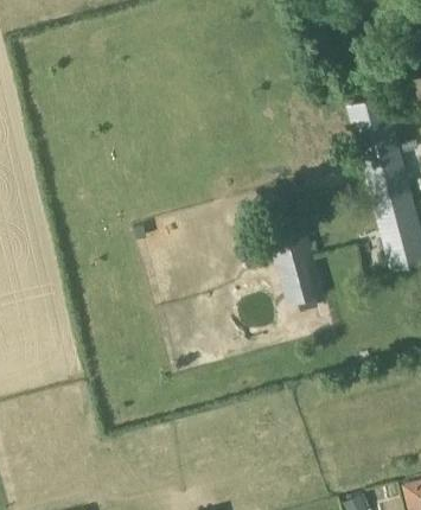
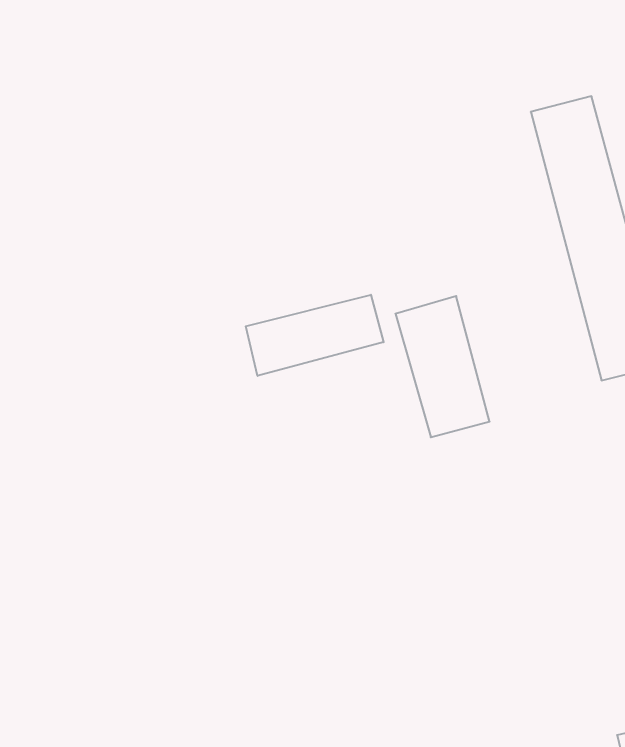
building: none -> [246,295,384,376]

